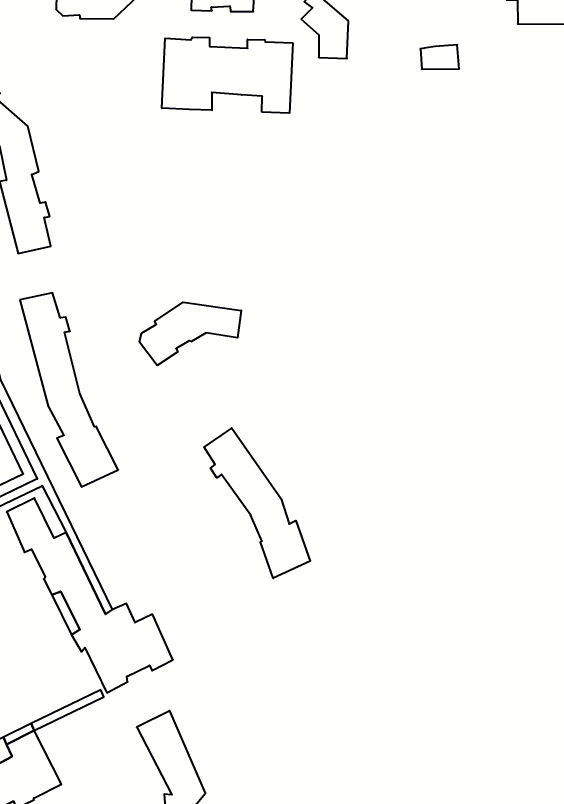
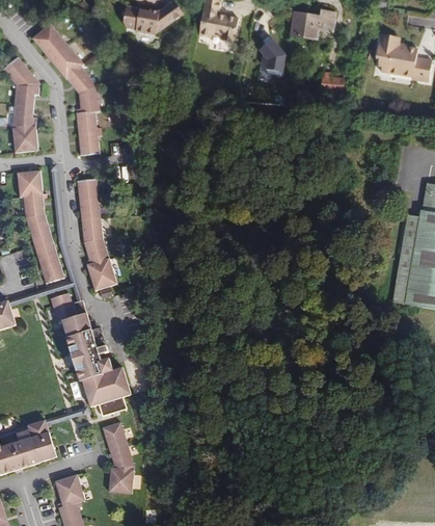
building: [162,37,293,113] -> none
building: [140,302,241,365] -> none
building: [204,428,310,578] -> none

